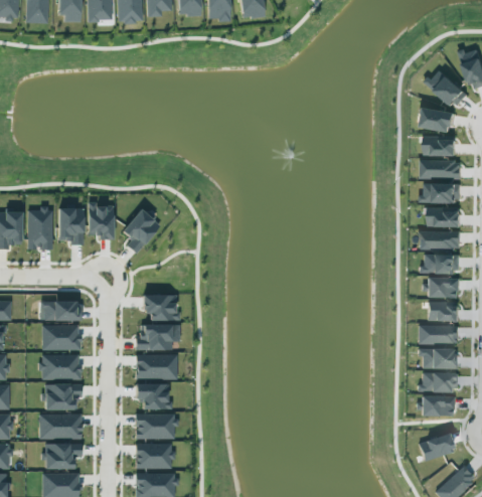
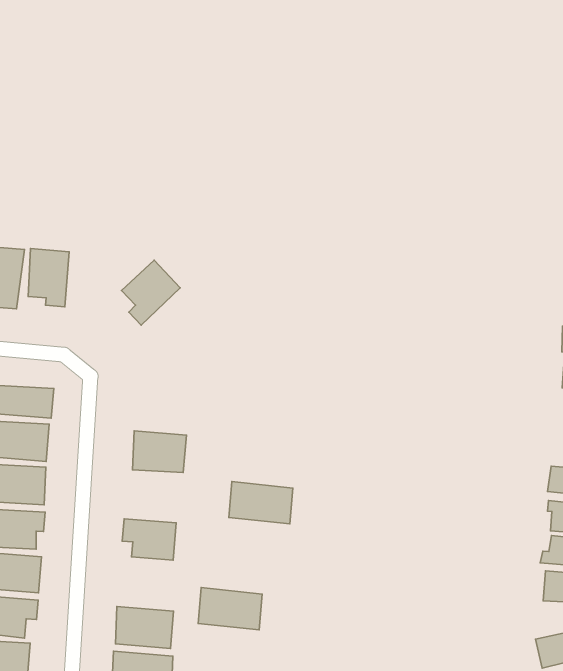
building: [88,205,114,240] -> none
building: [145,295,178,321] -> none
building: [136,354,177,379] -> [229,482,293,524]
building: [135,415,176,440] -> [198,588,262,630]

